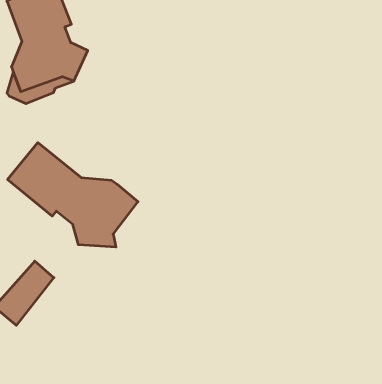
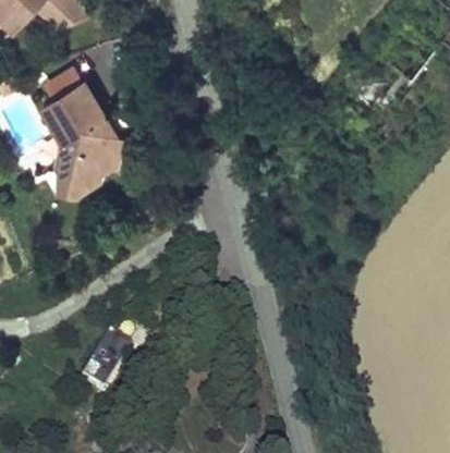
building: [8,143,138,247] -> none

